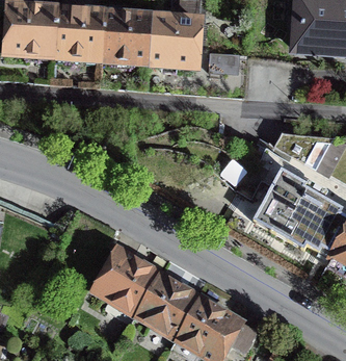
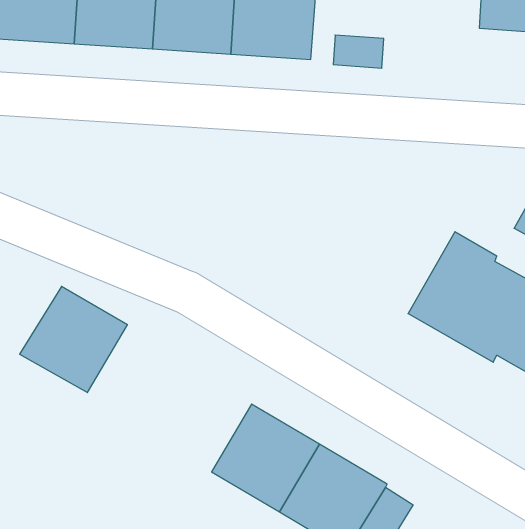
building: [95,250,159,313] -> [20,286,127,393]

